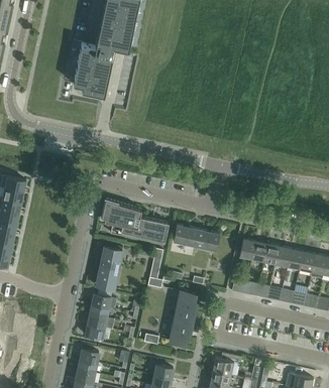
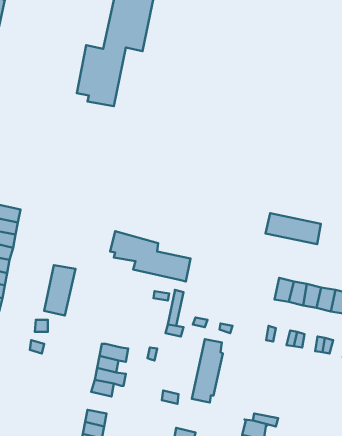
building: [173,225,219,251] -> [266,213,321,244]
building: [96,247,122,289] -> [44,265,75,316]

